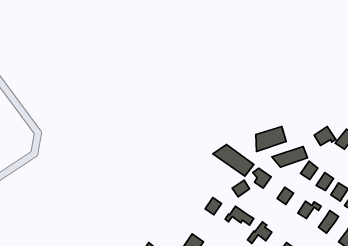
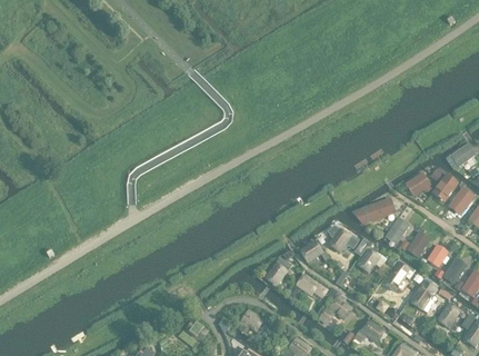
building: [256,127,286,151] -> none
building: [213,144,254,176] -> none

